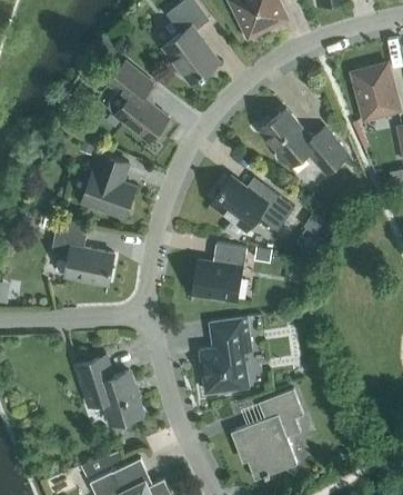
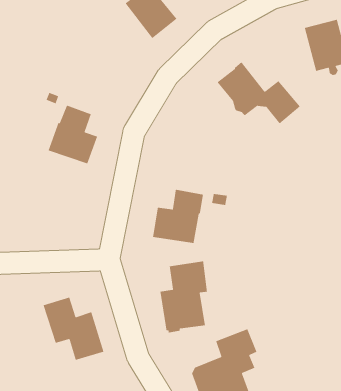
building: [108,61,169,142] -> none
building: [212,178,294,230] -> none
building: [51,218,114,285] -> none

